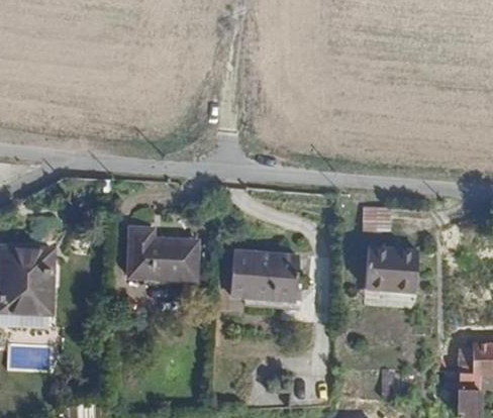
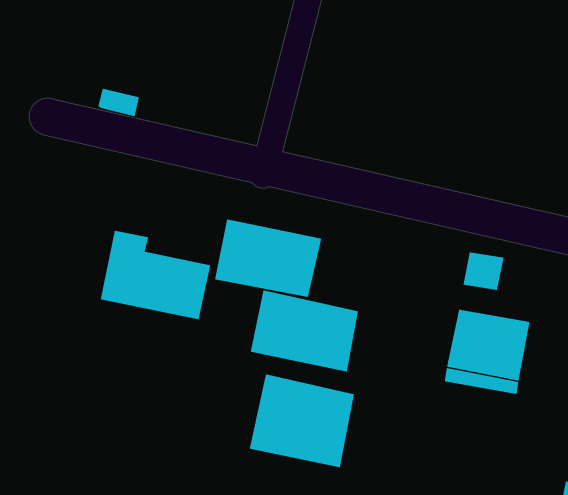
building: none -> [214,218,322,298]
building: none -> [249,374,355,468]

